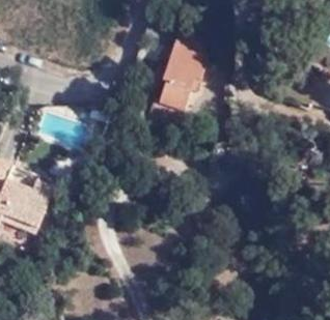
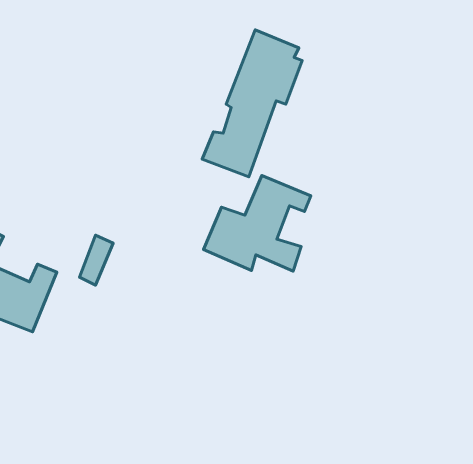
building: none -> [204,176,311,271]

